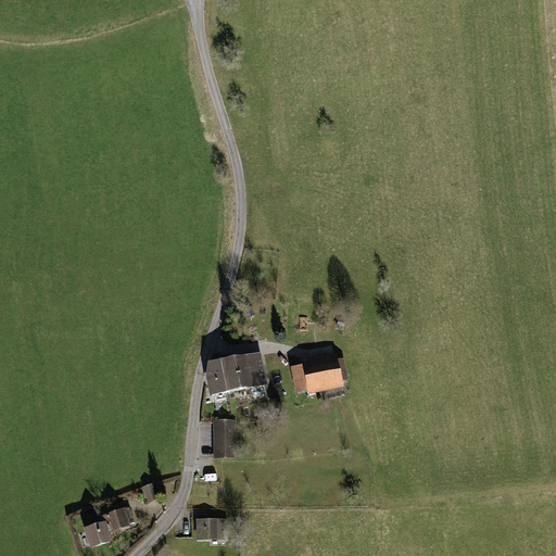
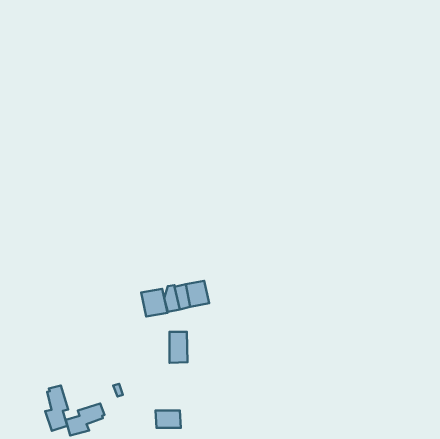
building: [291,356,340,391] -> none
building: none -> [141,289,167,316]
building: none -> [45,386,68,431]

